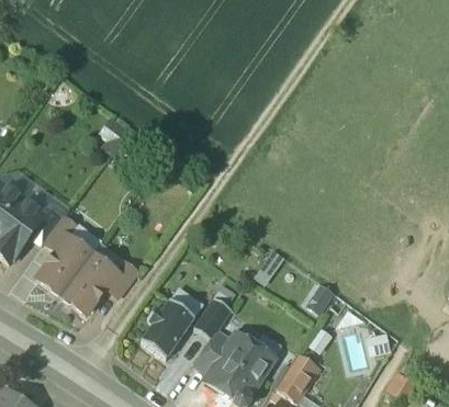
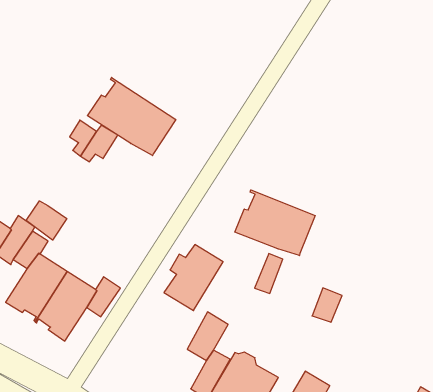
building: none -> [87,77,176,156]
building: none -> [26,201,67,240]
building: none -> [235,190,315,256]
building: [141,299,194,358] -> [164,245,223,311]

